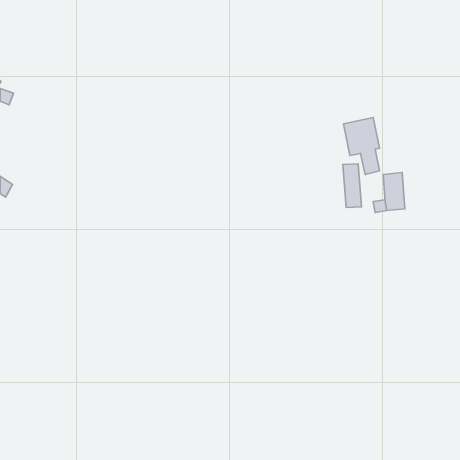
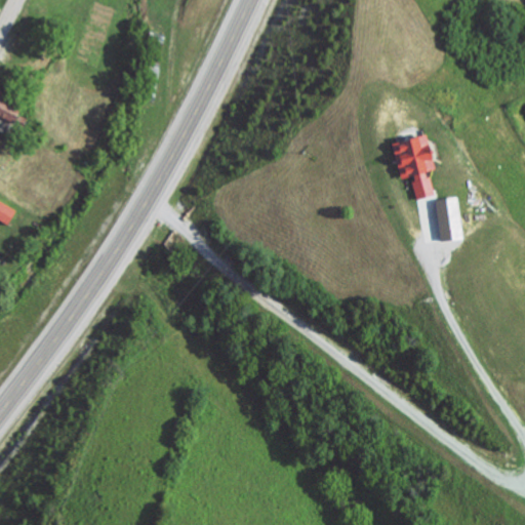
building: [343,164,361,208] -> none

